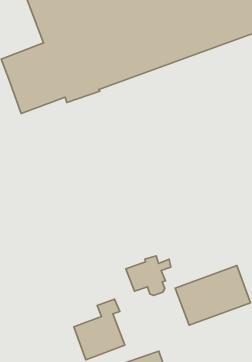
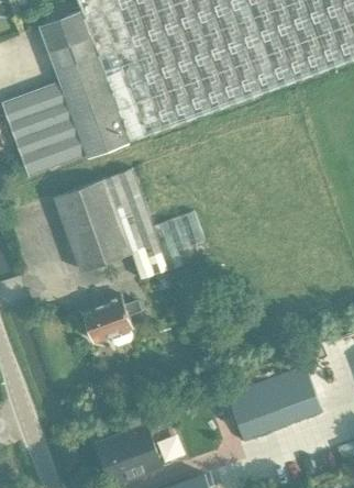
building: none -> [54,169,202,279]
building: [126,256,171,296] -> [81,296,139,346]

